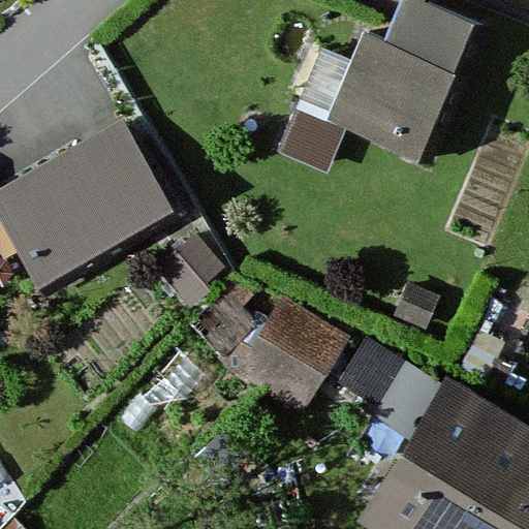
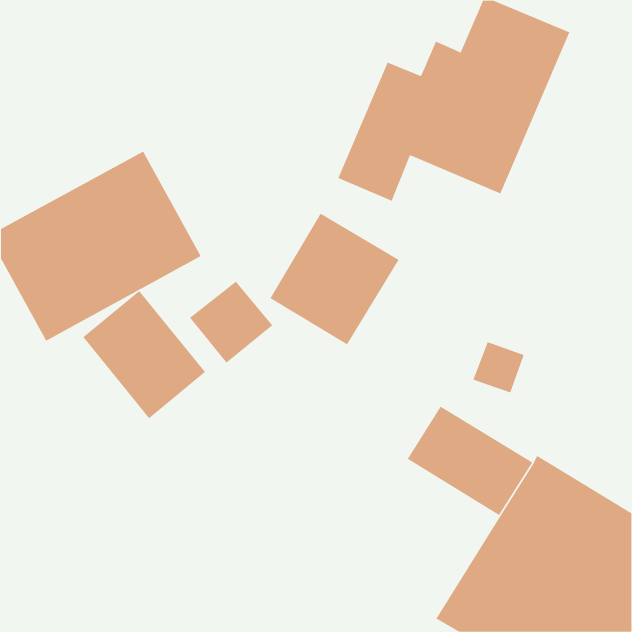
building: none -> [83,290,206,419]
building: [239,292,347,403] -> [270,213,399,345]

